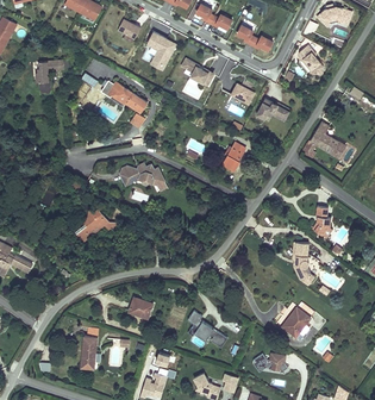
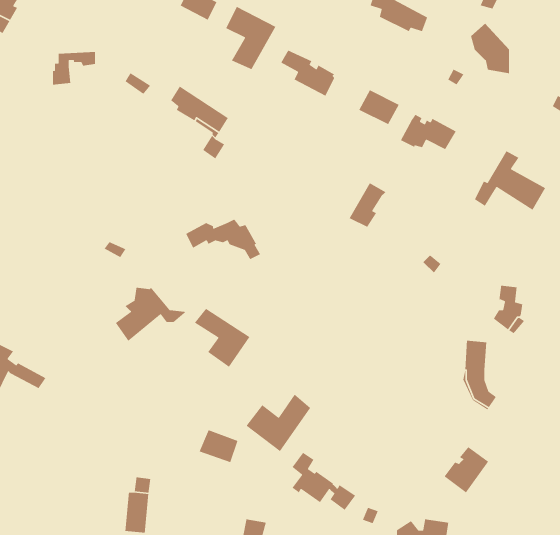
building: none -> [194,308,250,368]
building: none -> [245,394,311,452]

